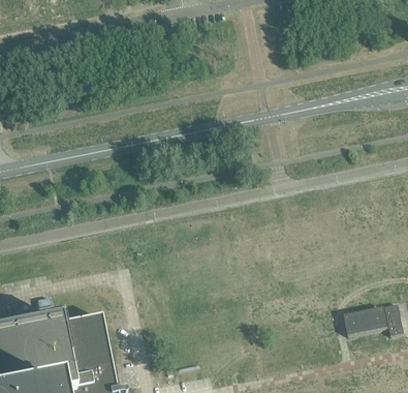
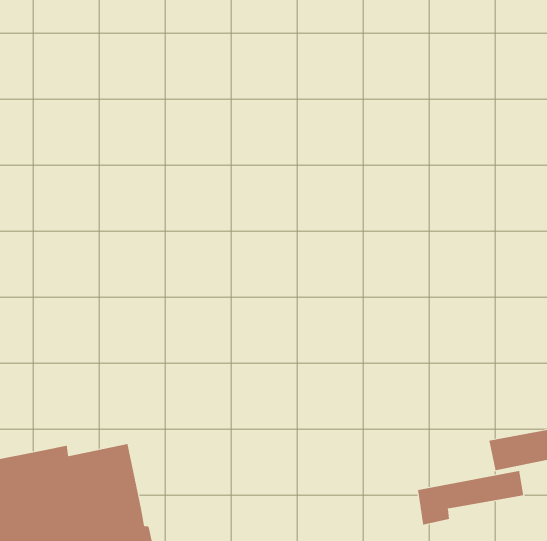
building: none -> [418,470,524,525]

